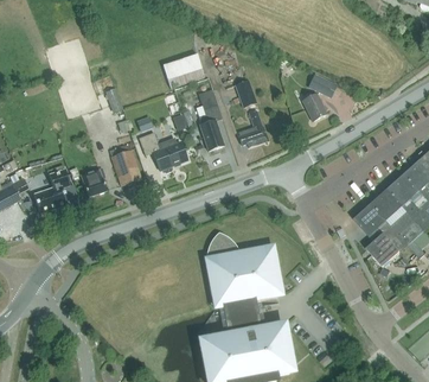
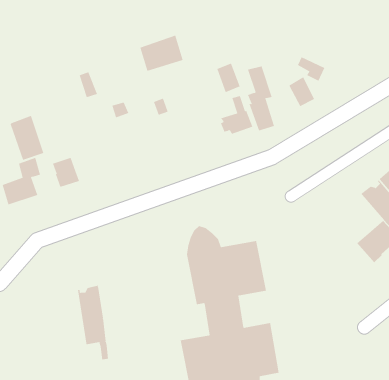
building: [198,88,224,149] -> [247,66,275,131]
building: [139,130,187,172] -> none
building: [109,142,141,185] -> [10,115,44,161]
building: [353,203,391,241] -> none
building: none -> [78,285,108,361]

